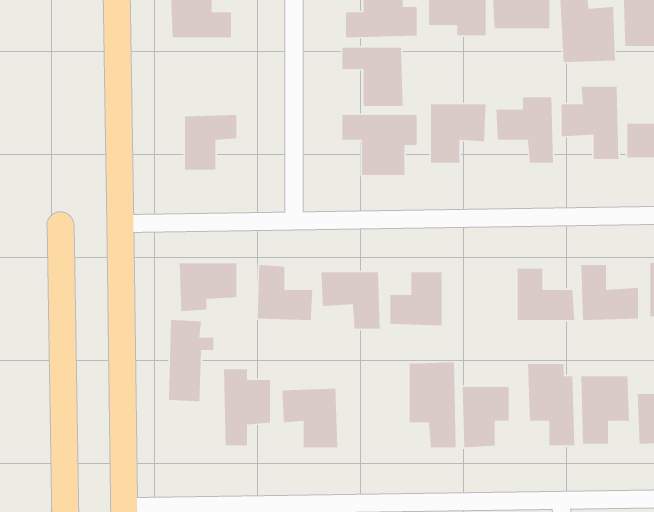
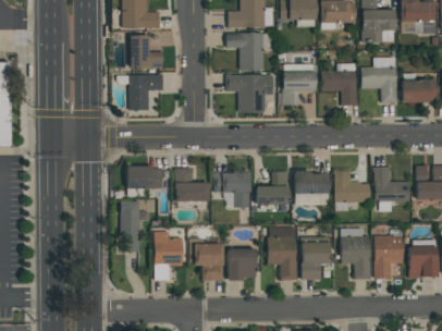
building: none -> [130,35,163,69]
building: none -> [294,170,330,204]
building: none -> [228,248,257,279]

